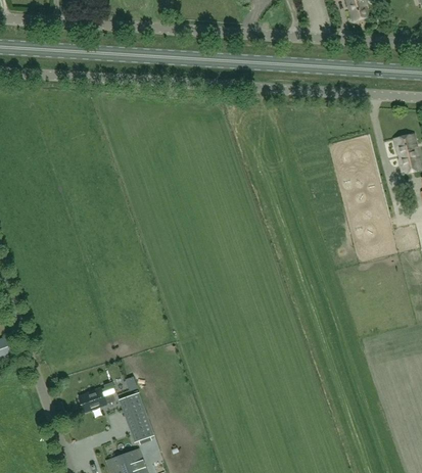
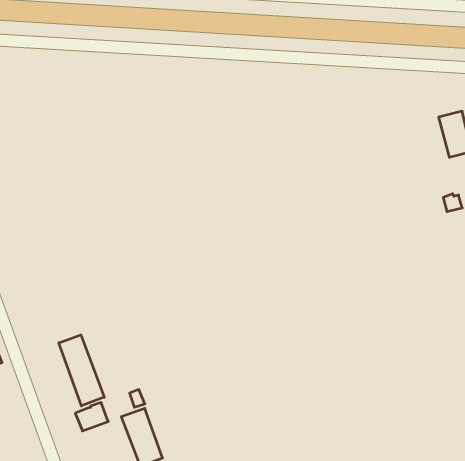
building: none -> [59,335,104,406]

